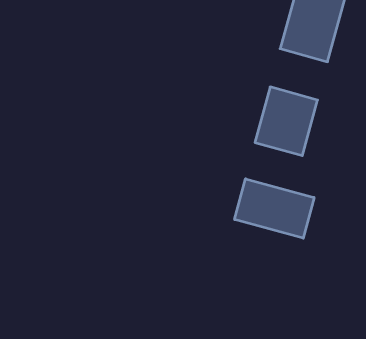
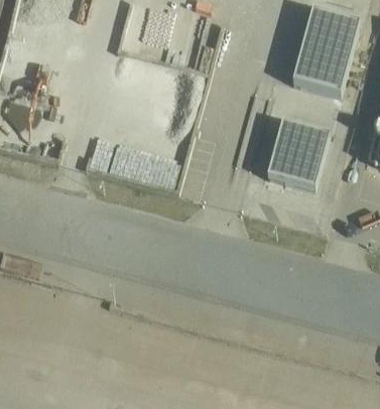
building: [235,179,314,238] -> none

